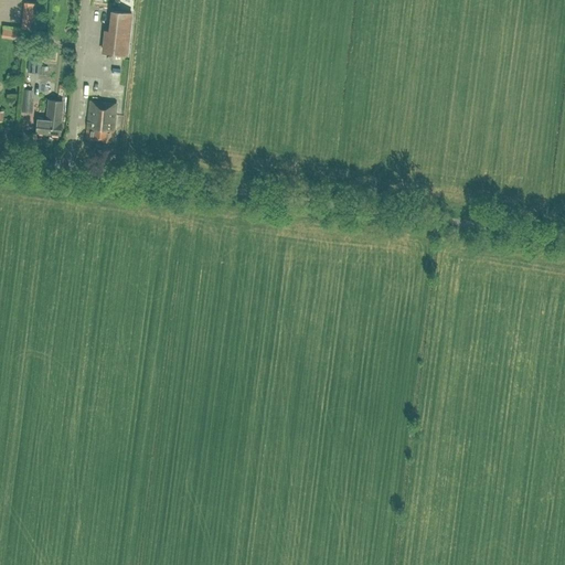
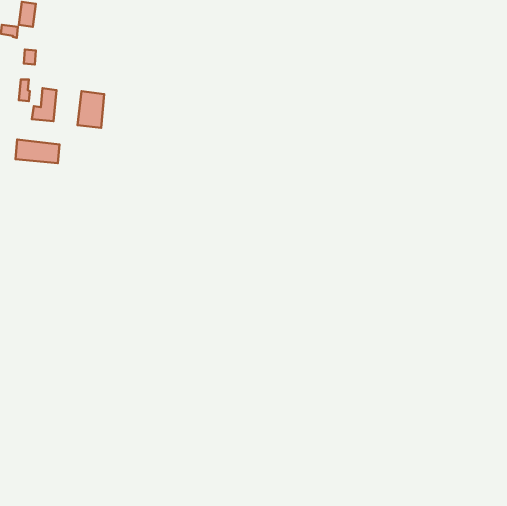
building: [102,8,132,51] -> none
building: none -> [16,140,59,163]

